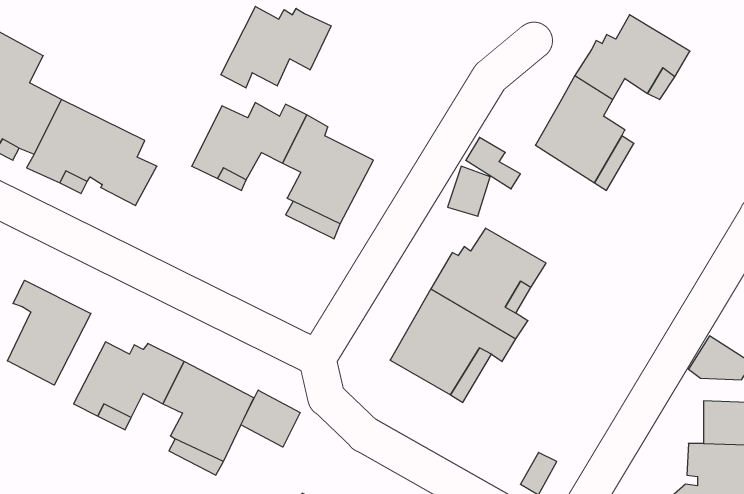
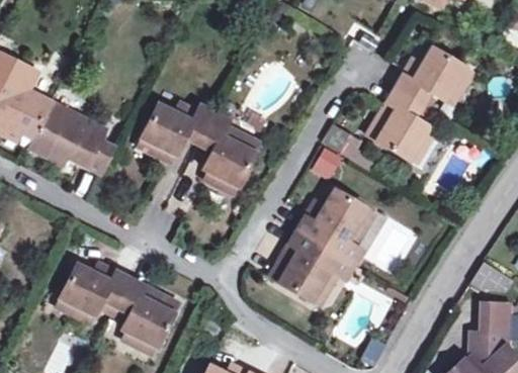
building: [221,6,331,88] -> none
building: [7,280,91,385] -> none
building: [241,390,300,447] -> none

